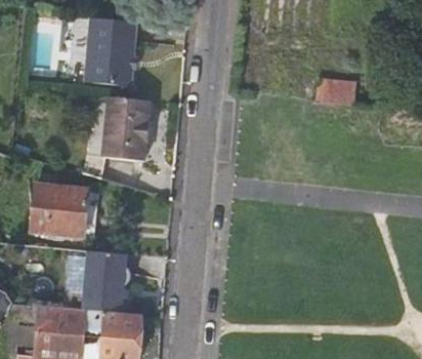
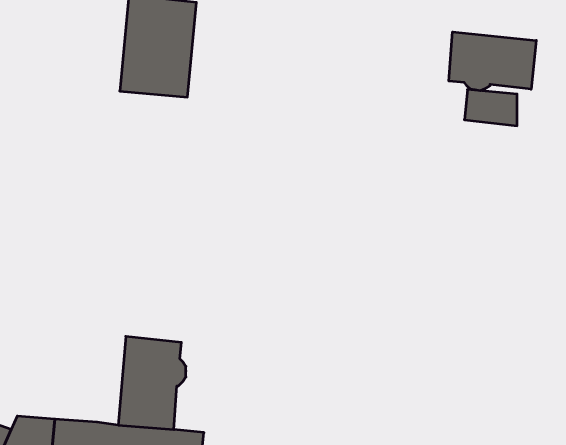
building: none -> [449,32,536,91]
building: [102,96,149,160] -> none
building: [31,184,87,236] -> none

